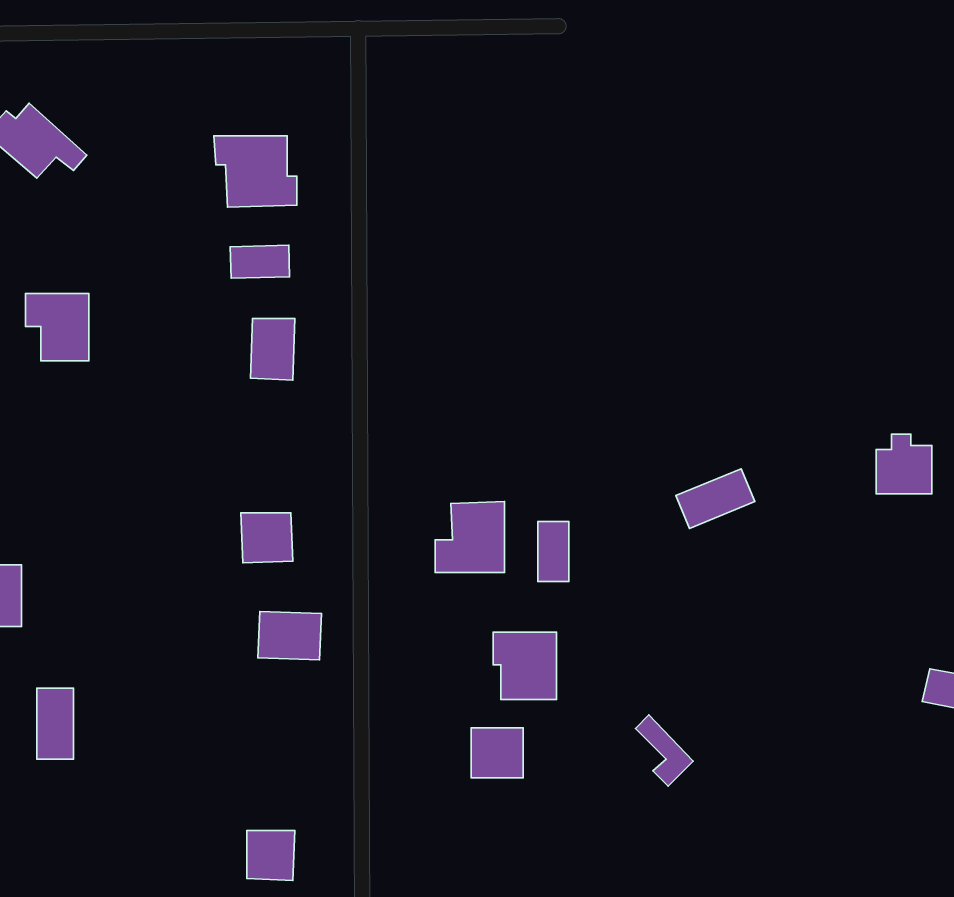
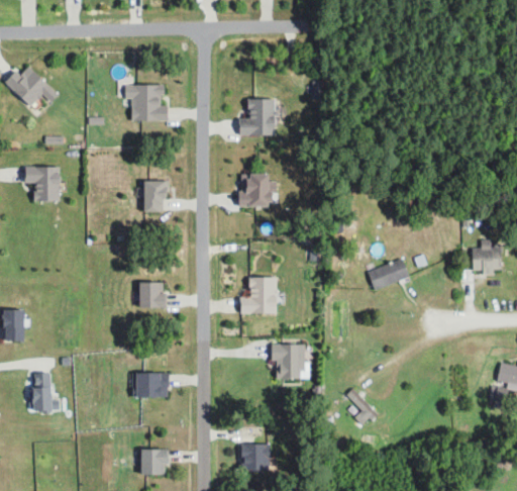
building: none -> [239,98,281,135]
building: [230,245,290,278] -> none
building: none -> [240,173,274,206]
building: [538,521,569,582] -> none
building: [258,612,321,660] -> [136,372,170,397]
building: [471,728,523,778] -> [242,445,270,471]

